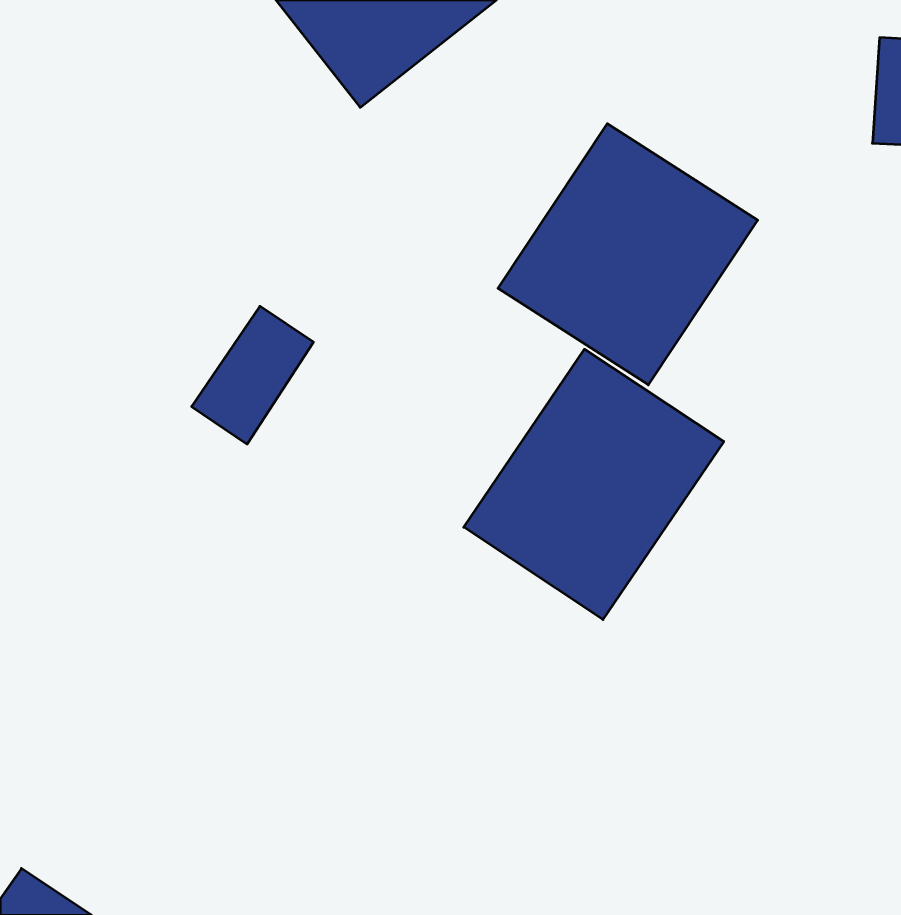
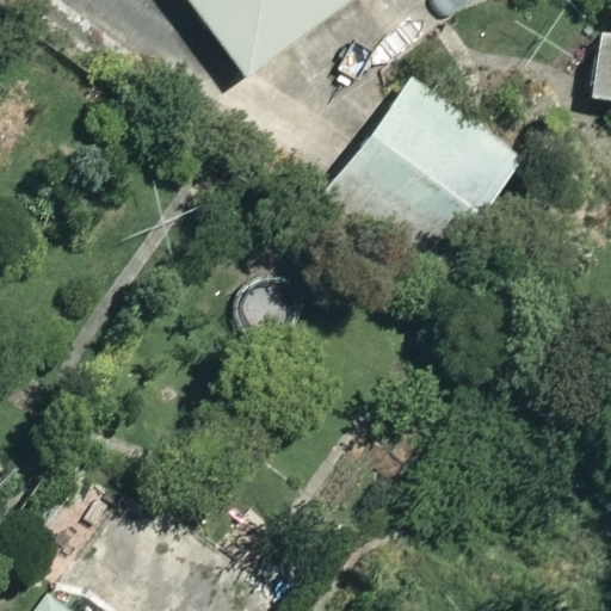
building: [464,349,724,620] -> none

